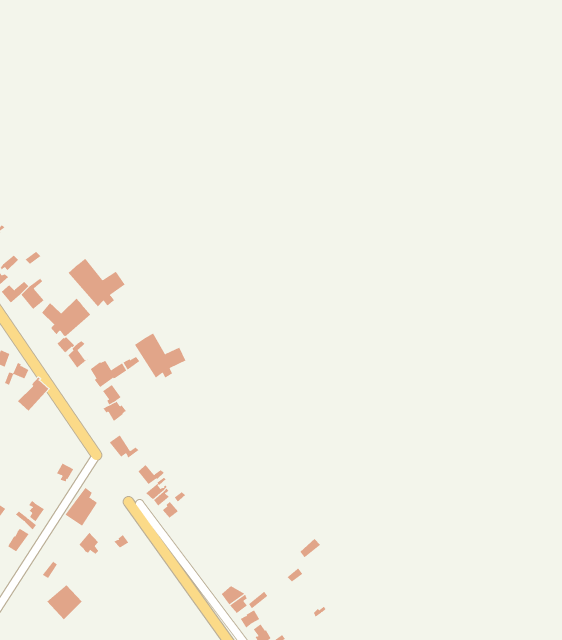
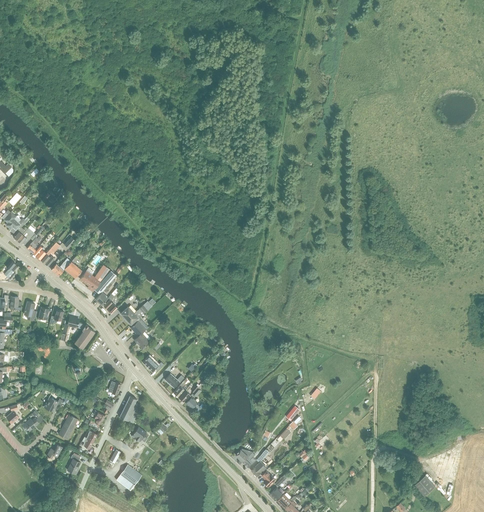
building: [68,258,126,307] -> none
building: [134,332,186,379] -> none

